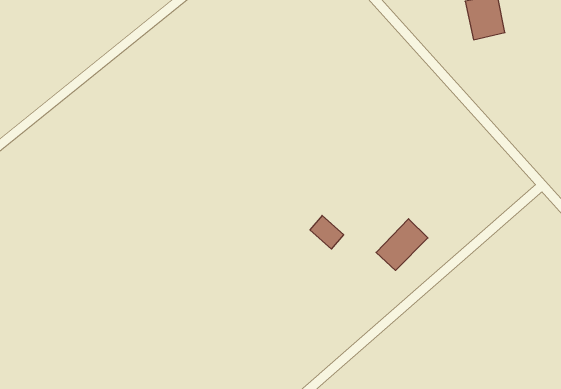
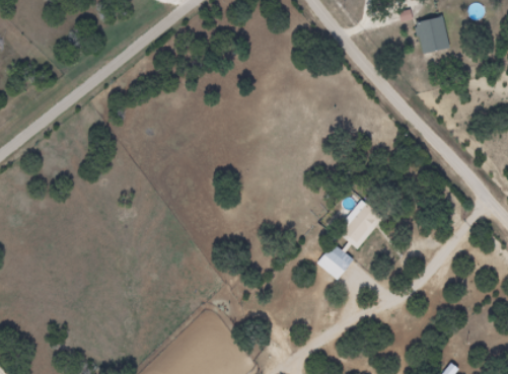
building: [310,215,344,249] -> [323,243,352,272]

